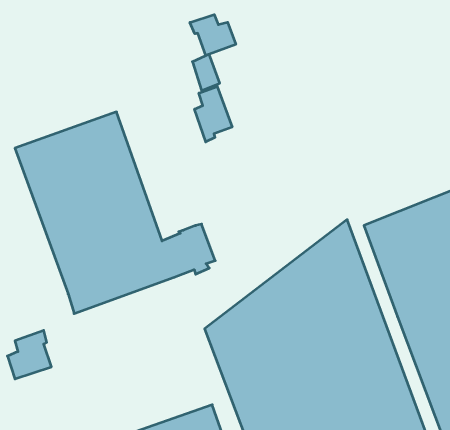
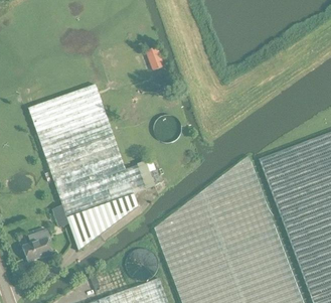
building: [190,15,236,55] -> none
building: [195,86,232,142] -> none
building: none -> [67,195,138,252]

